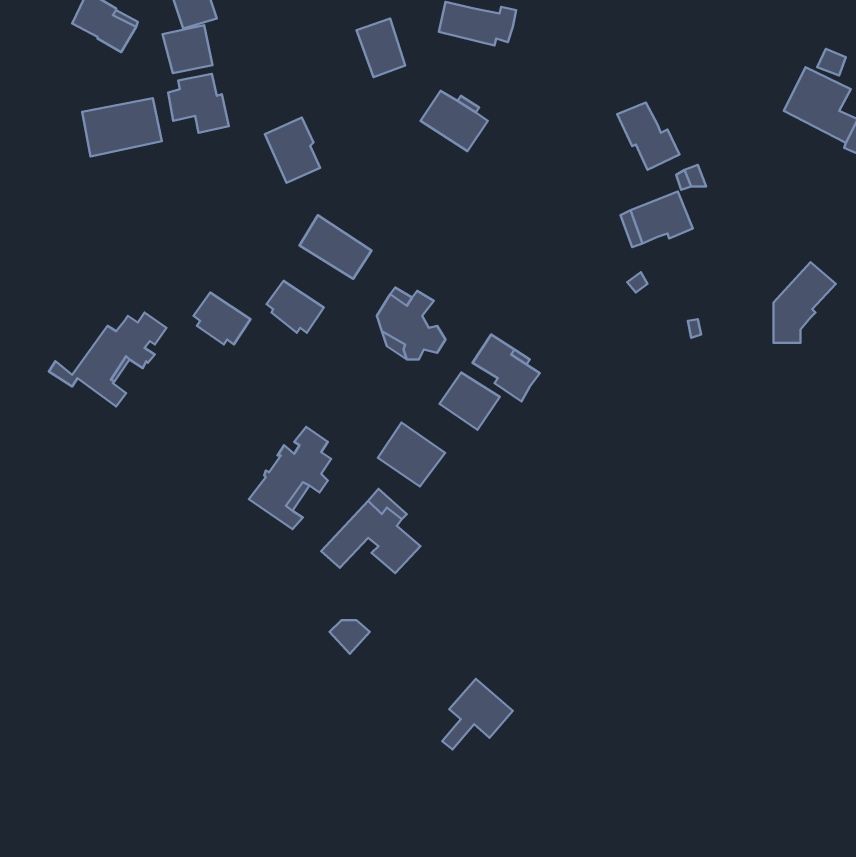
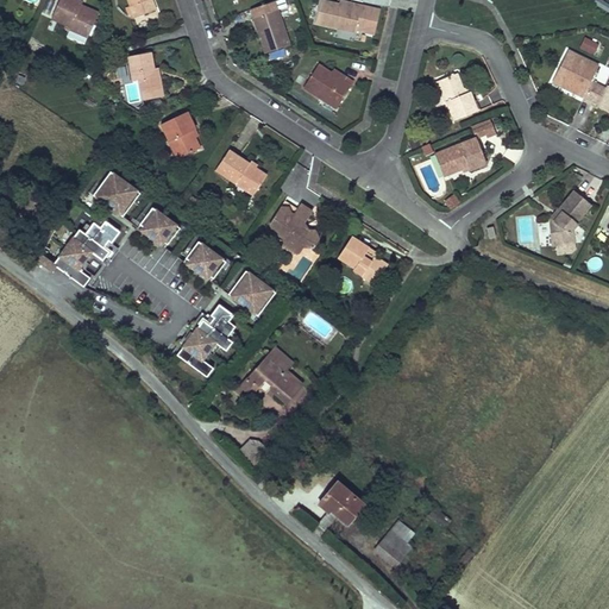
building: [163,25,213,73] -> none
building: [82,98,162,157] -> none
building: [265,117,320,183] -> [162,115,201,162]
building: none -> [92,171,139,216]
building: [267,281,324,333] -> [186,240,226,277]
building: [439,373,500,430] -> none
building: [378,423,445,486] -> [230,268,277,313]
building: none -> [375,519,416,567]

